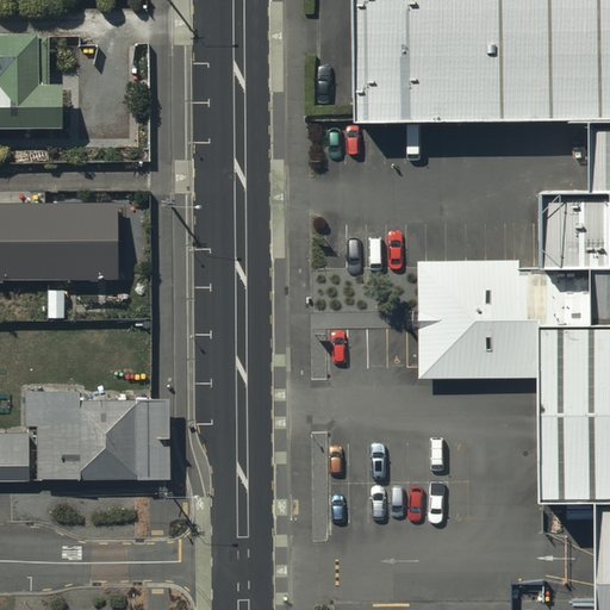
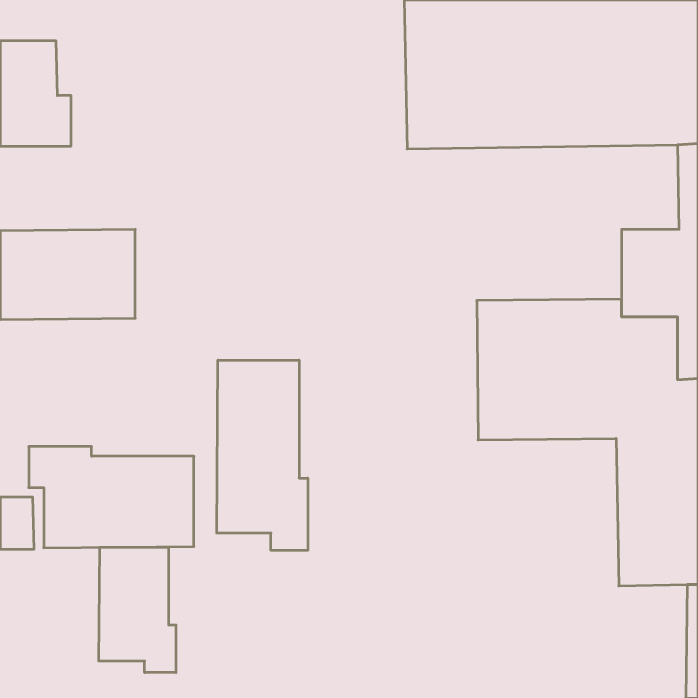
building: none -> [217,360,308,550]
building: none -> [99,547,176,673]

